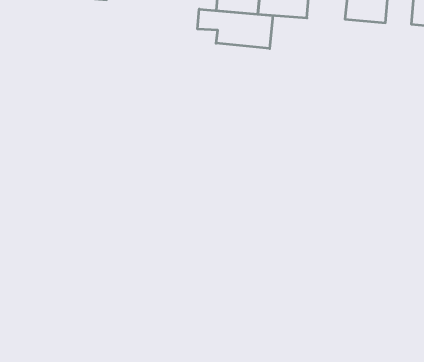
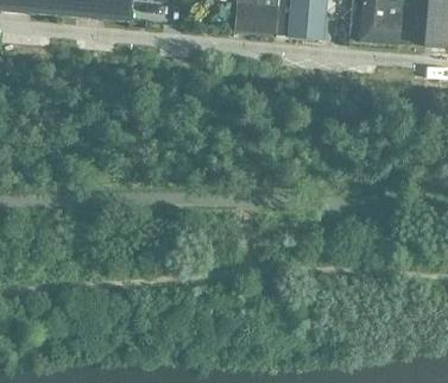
building: [198,9,273,49] -> none

